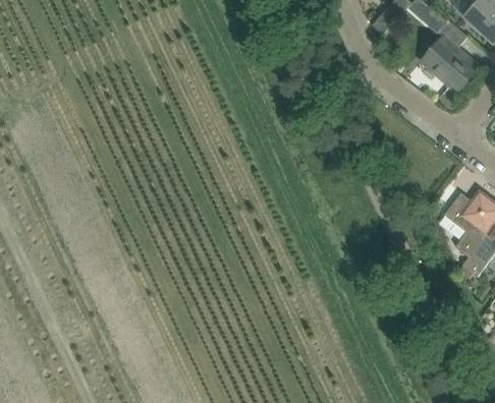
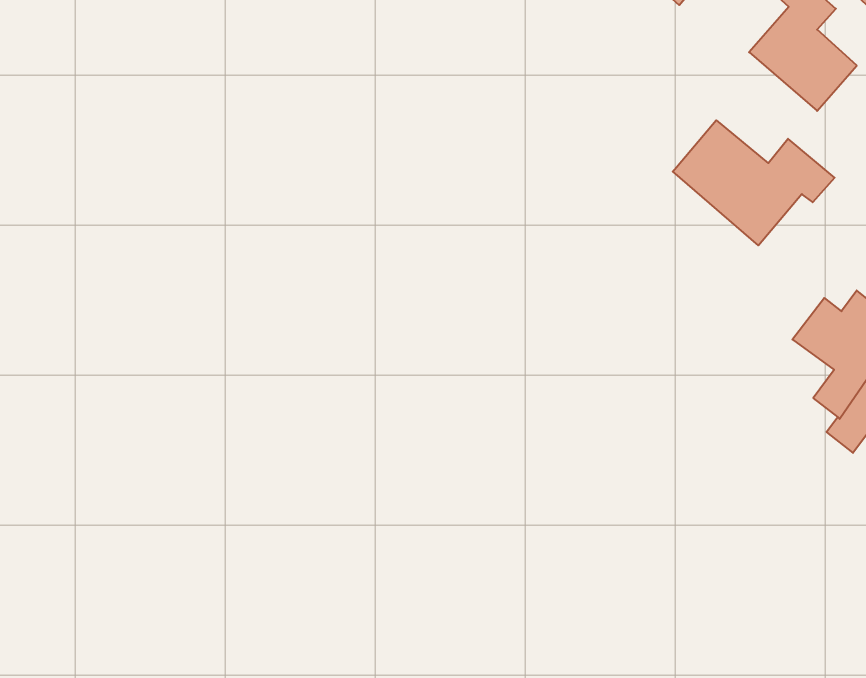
building: none -> [673,120,835,245]

